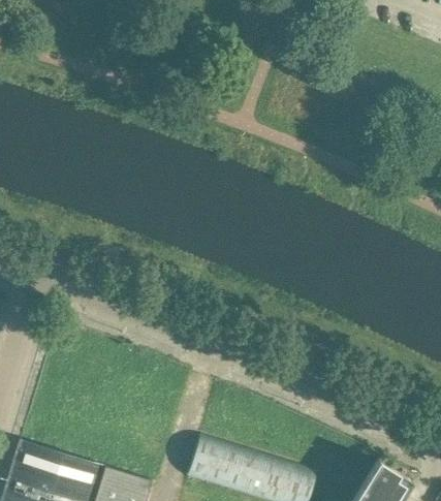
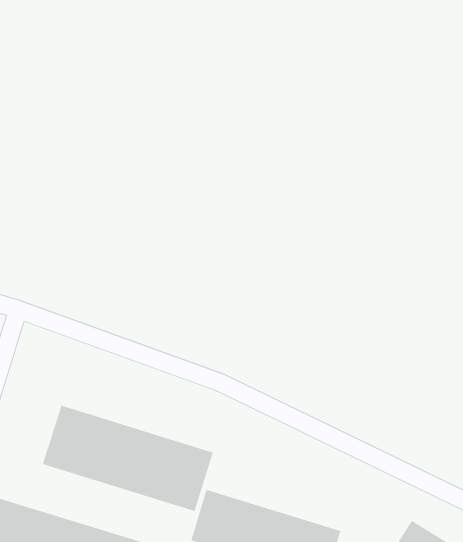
building: none -> [42,405,214,512]

